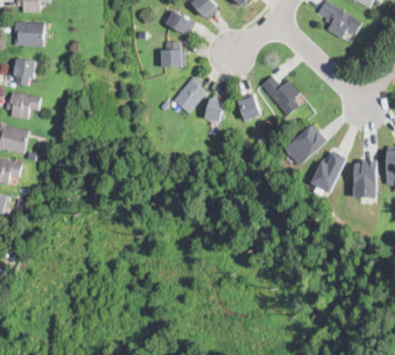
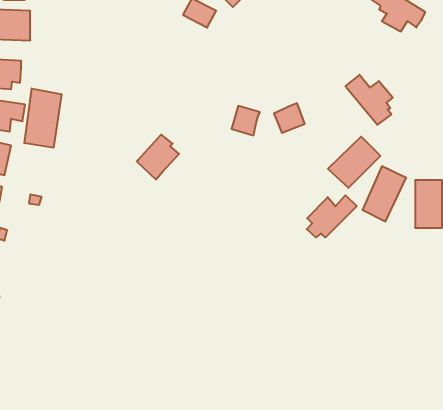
building: [161,42,184,68] -> none
building: [260,75,298,116] -> [345,75,393,125]
building: [172,77,206,114] -> [137,135,179,179]
building: none -> [24,88,62,148]
building: none -> [307,195,357,237]

